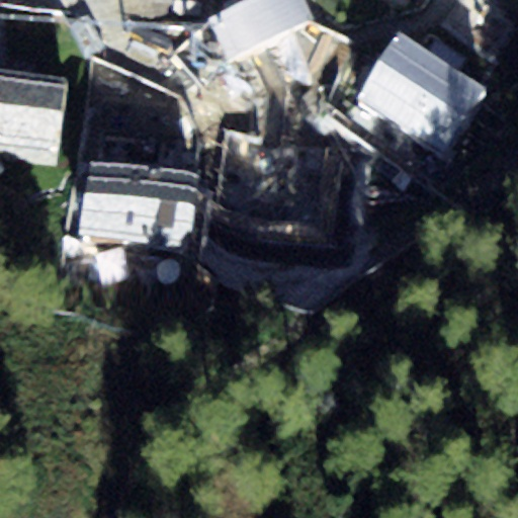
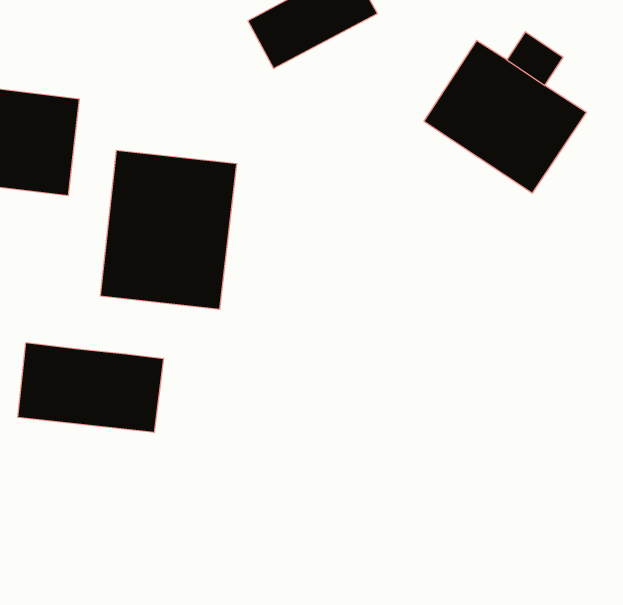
building: none -> [18,343,163,433]

